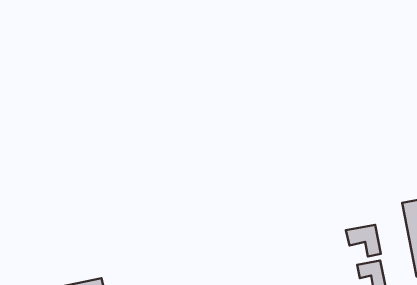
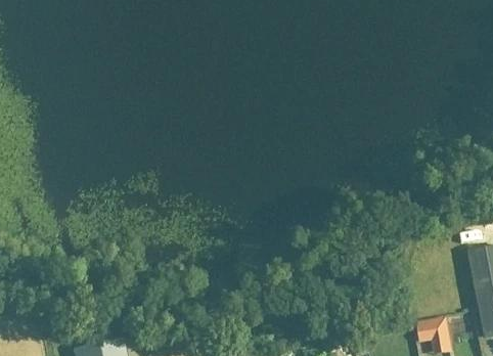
building: [346,225,381,256] -> none

